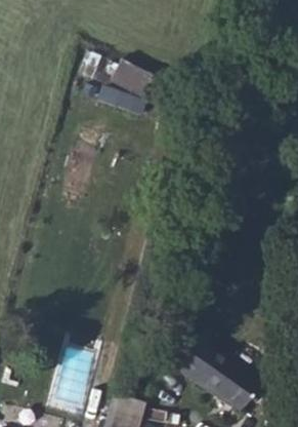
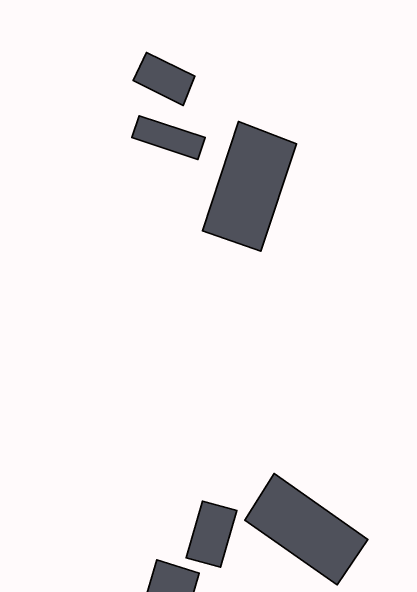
building: none -> [203,122,296,251]
building: none -> [186,501,237,567]

